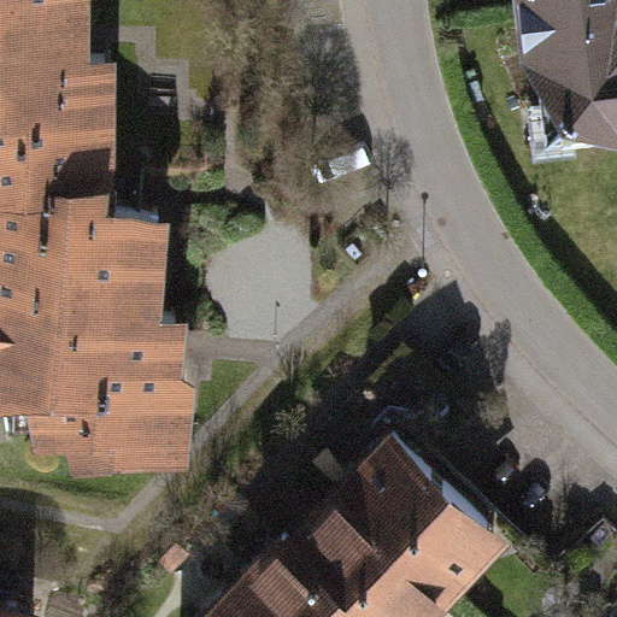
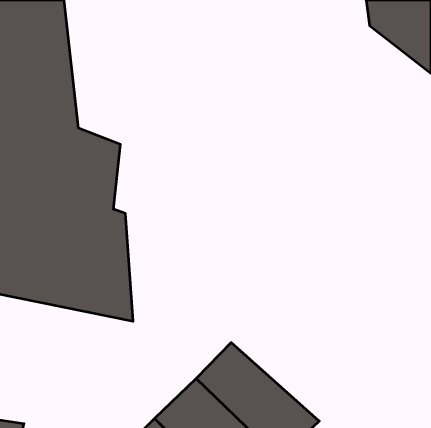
building: [327,436,506,606] -> none

